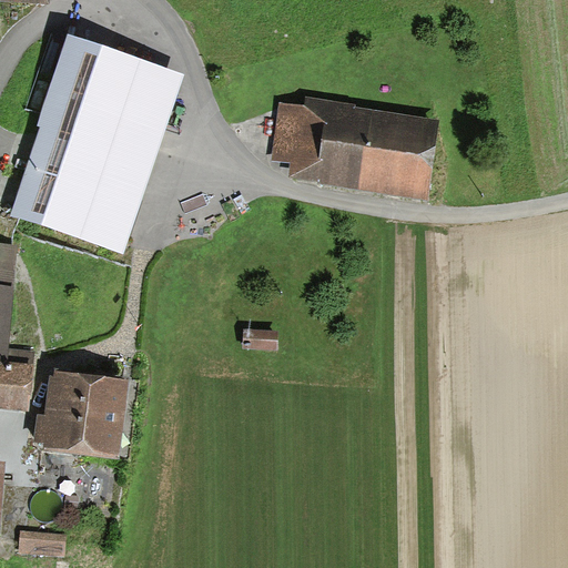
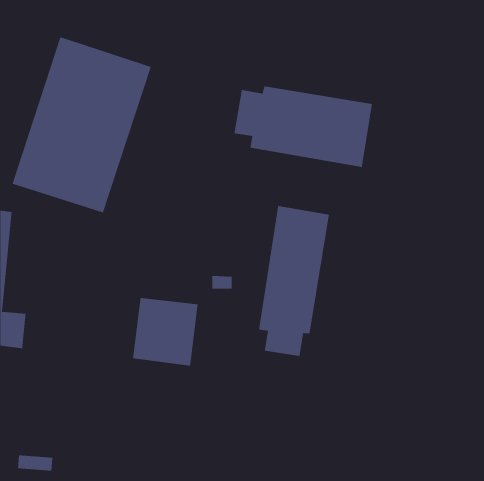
building: none -> [258,205,330,357]
building: [47,376,124,457] -> [132,297,199,367]

